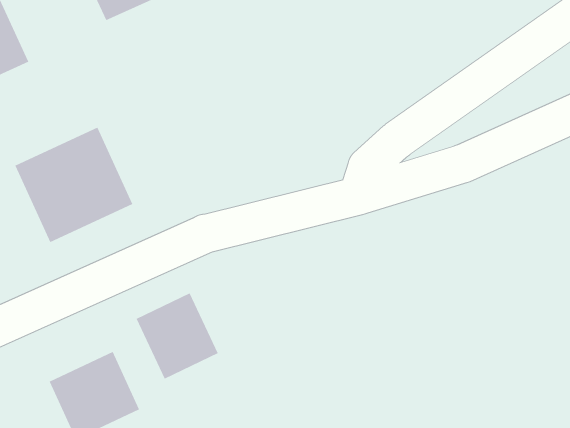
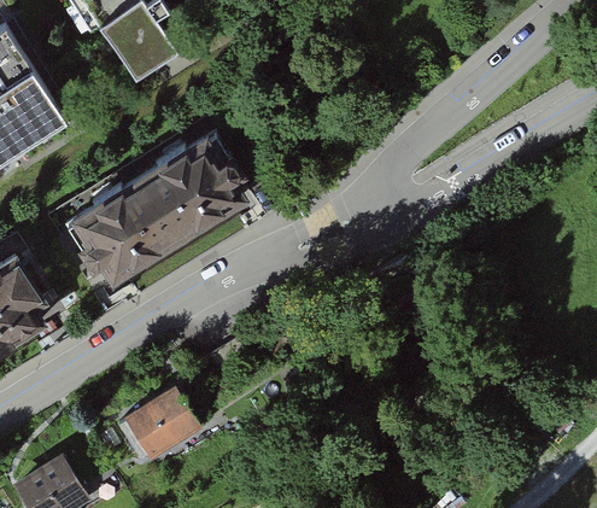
building: none -> [136,140,245,247]
building: [136,292,218,379] -> none

